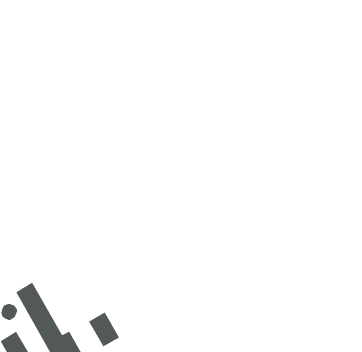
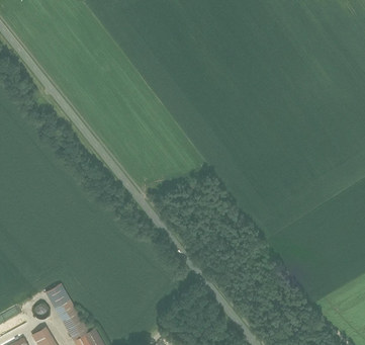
building: [88,312,120,347] -> none

